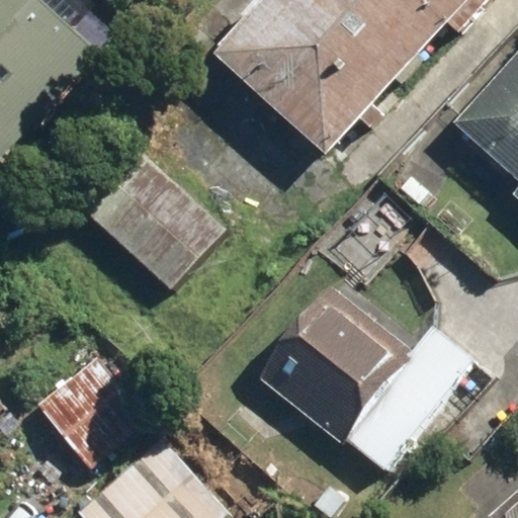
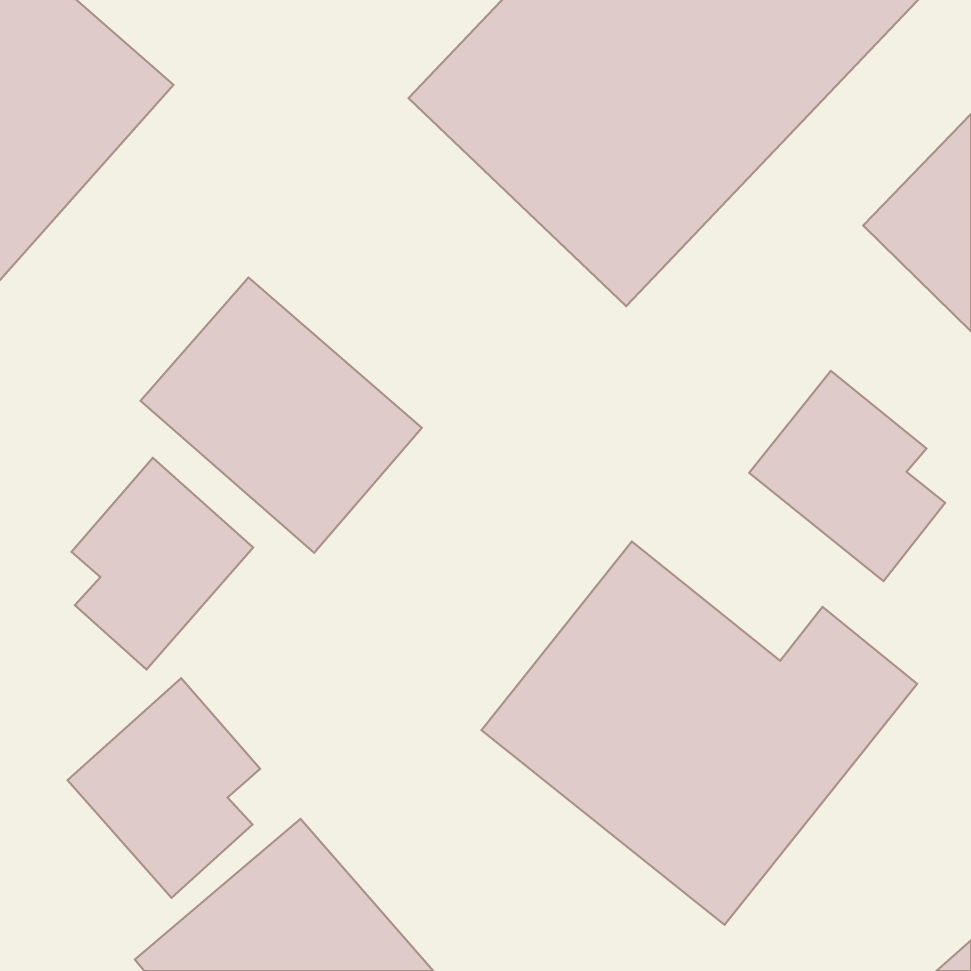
building: none -> [749,371,945,581]
building: none -> [72,458,253,670]

